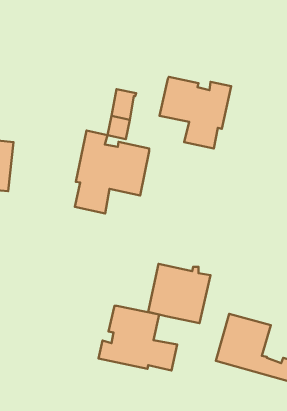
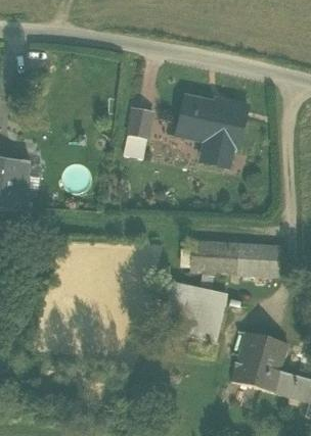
building: [75,130,149,214] -> none
building: none -> [191,240,281,277]
building: [98,306,177,370] -> none

